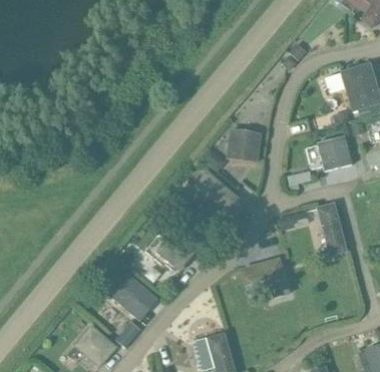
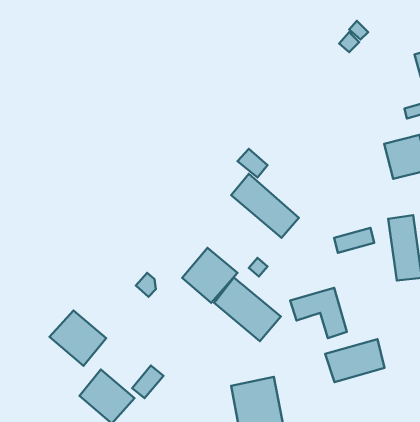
building: [226,130,259,162] -> none
building: none -> [214,278,281,341]
building: [111,278,156,322] -> [50,310,106,366]
building: none -> [325,339,385,382]

